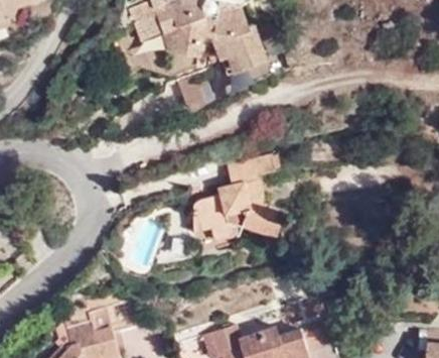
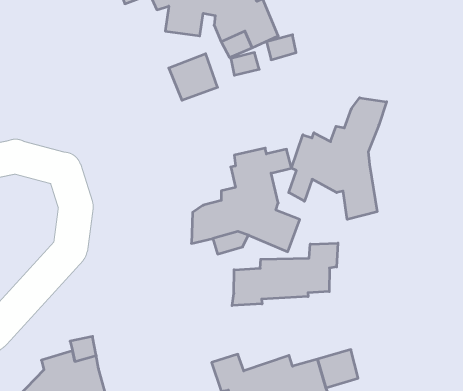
building: none -> [289,98,387,219]
building: none -> [232,243,338,306]

